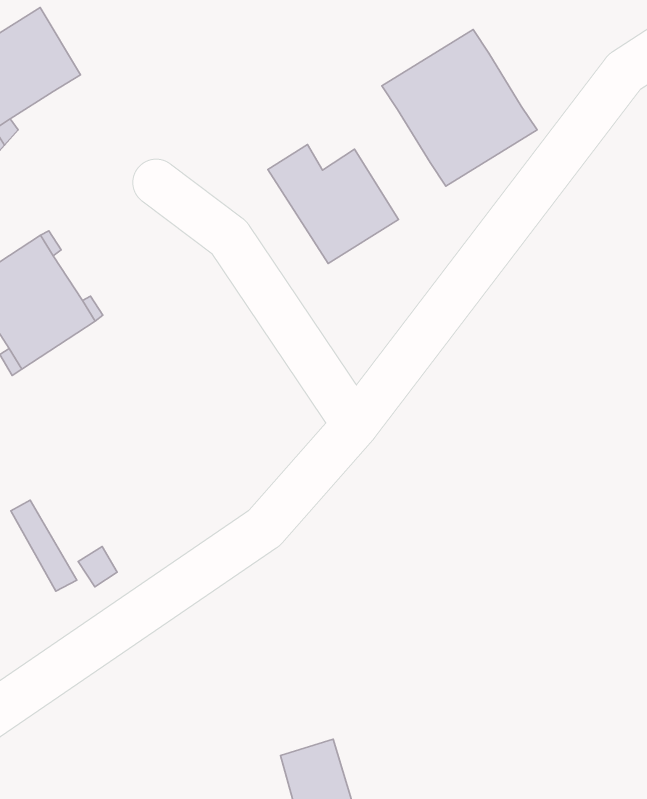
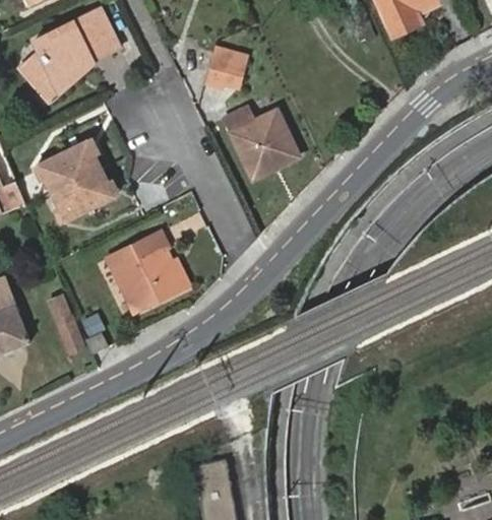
building: [382,30,537,186] -> none
building: none -> [207,44,251,89]
building: none -> [106,231,183,310]

